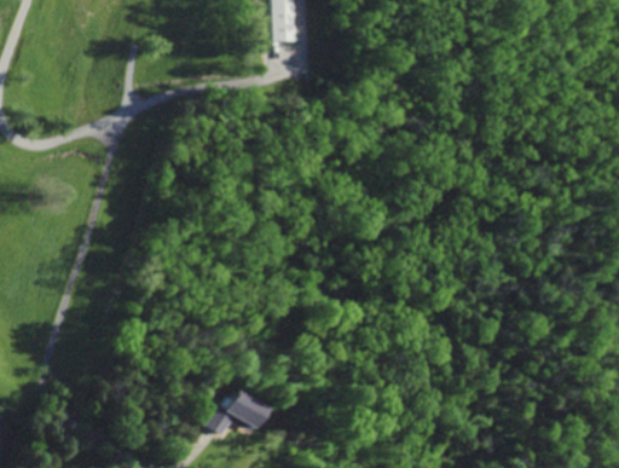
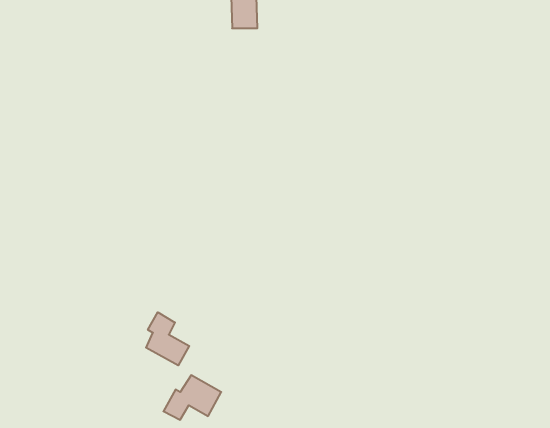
building: none -> [146,312,189,365]

